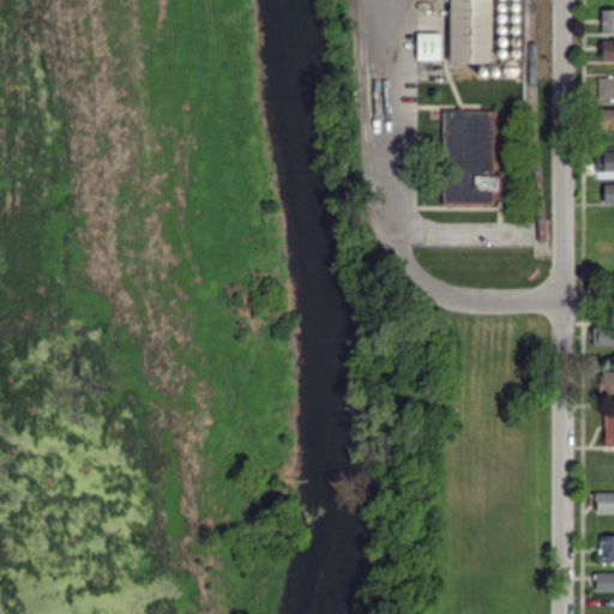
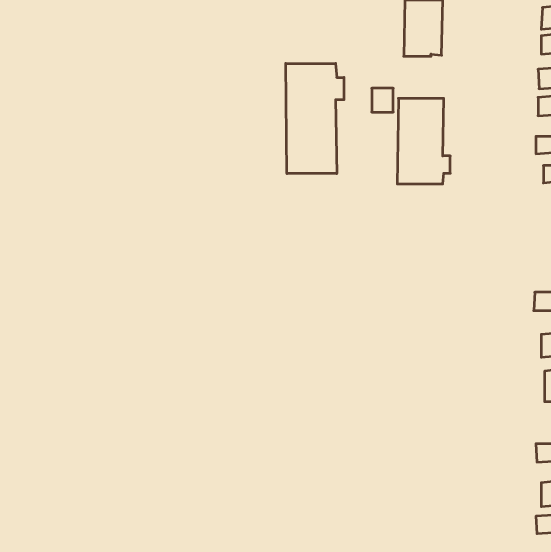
building: [417,34,441,60] -> [372,88,393,112]
building: none -> [286,63,344,174]

